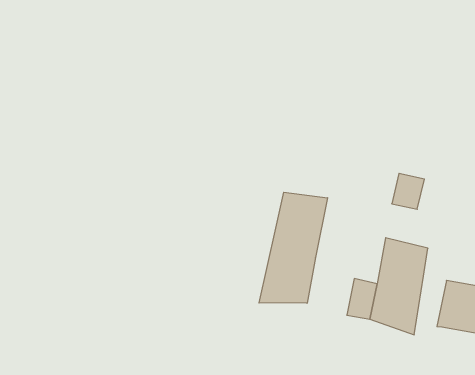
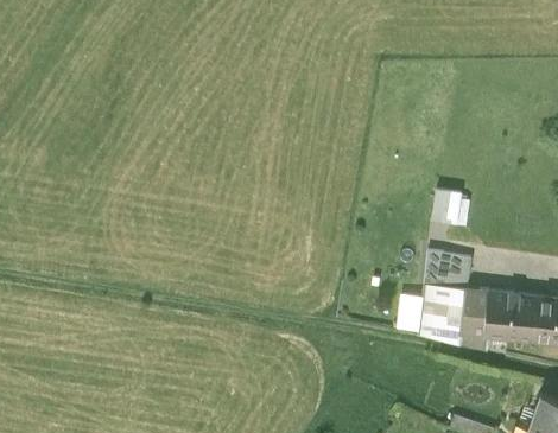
building: [259,192,328,303] -> none
building: none -> [463,287,490,349]

